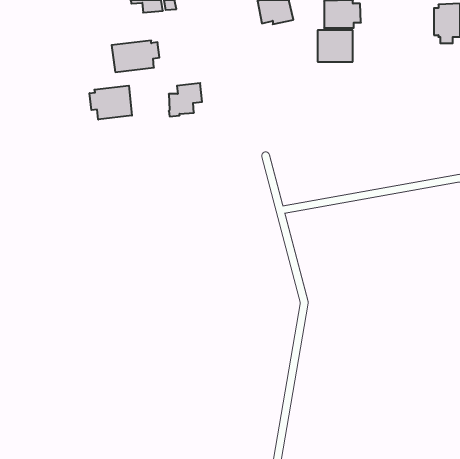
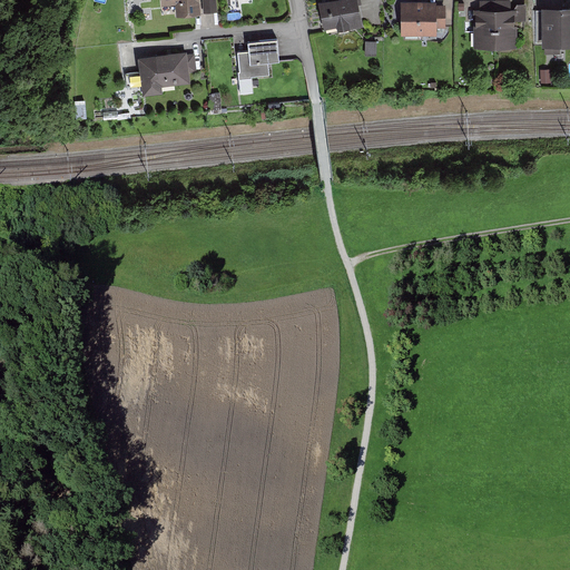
building: [318,30,353,62] -> [474,9,518,48]
building: [169,83,202,116] -> [238,38,279,79]
building: [90,86,132,120] -> none

